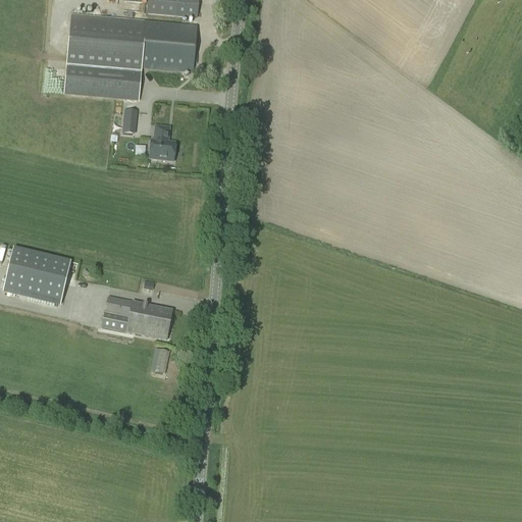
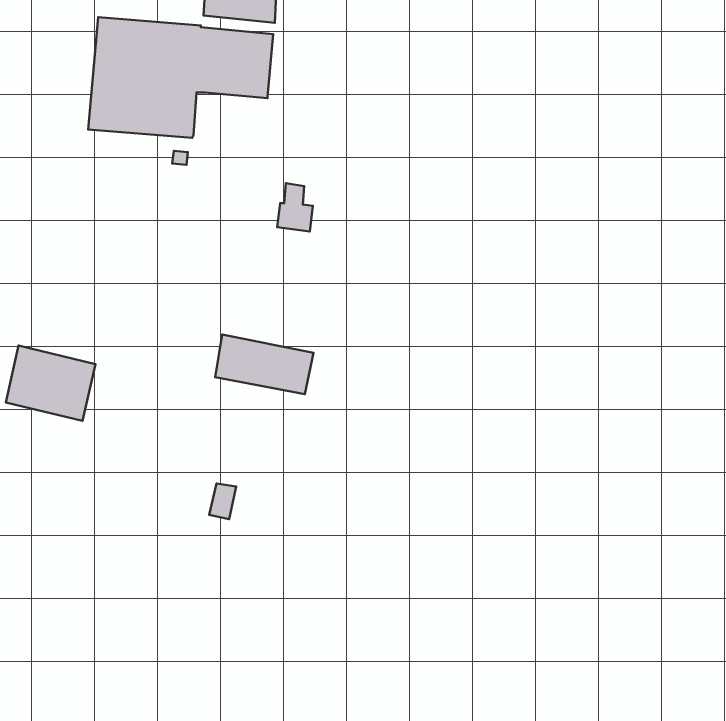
building: [150,124,175,159] -> [277,183,313,232]
building: [103,296,173,338] -> [215,334,313,394]

